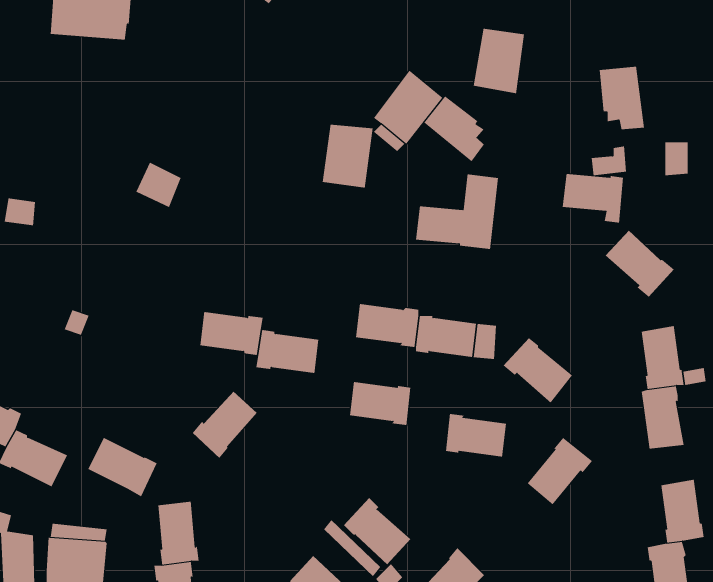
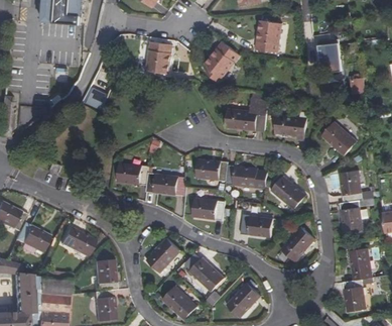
building: [423,95,485,162] -> none
building: [322,124,374,188] -> [146,41,172,74]
building: [562,173,624,223] -> [275,115,306,140]
building: [192,391,258,459] -> [146,238,179,273]

